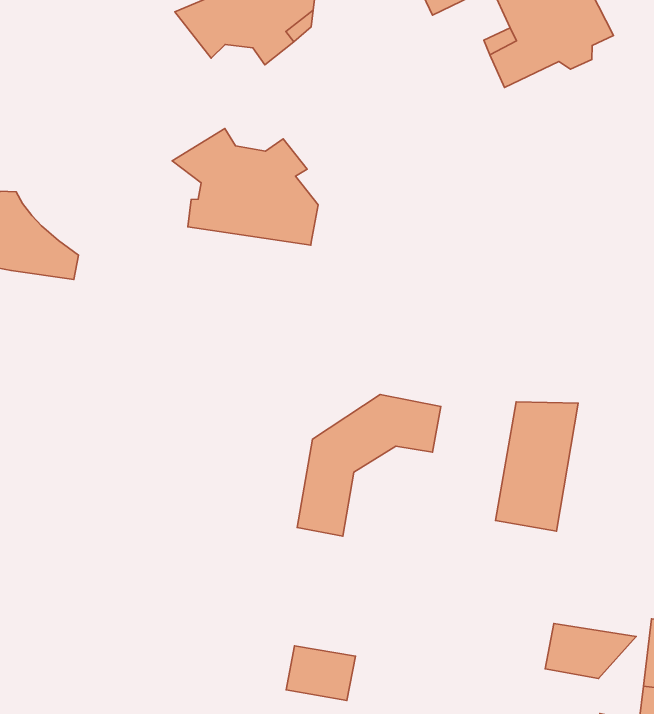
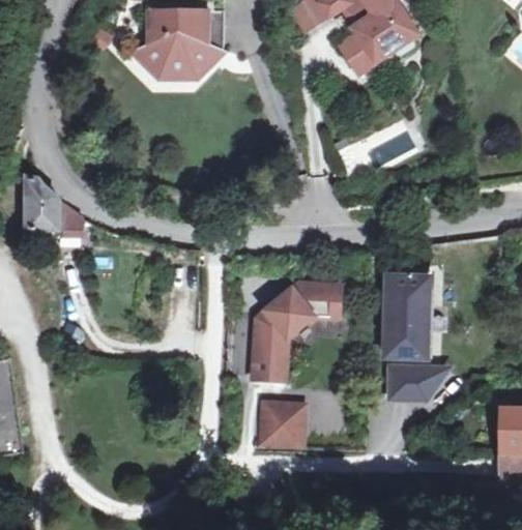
building: [172,129,318,245] -> none
building: [545,623,636,679] -> [387,370,445,403]
building: [286,646,355,700] -> [252,410,295,442]

